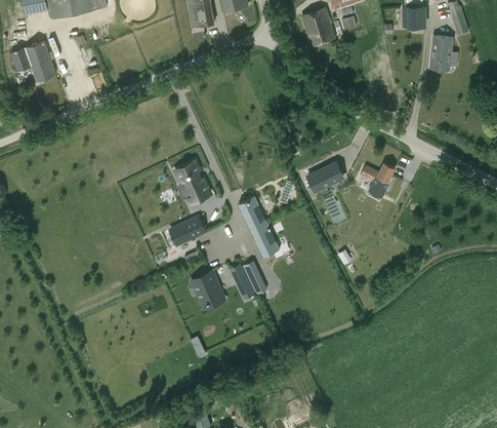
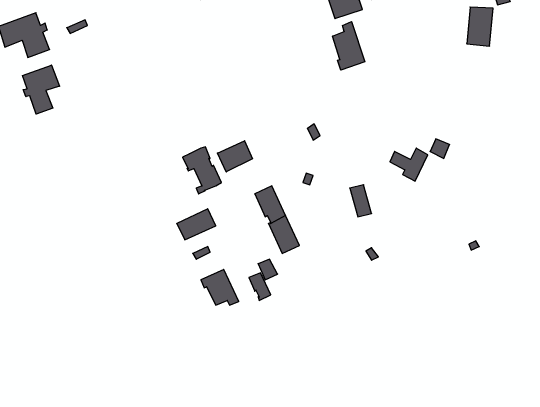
building: none -> [333,22,365,70]
building: none -> [22,65,60,114]
building: none -> [217,141,253,172]
building: [308,162,342,191] -> none

